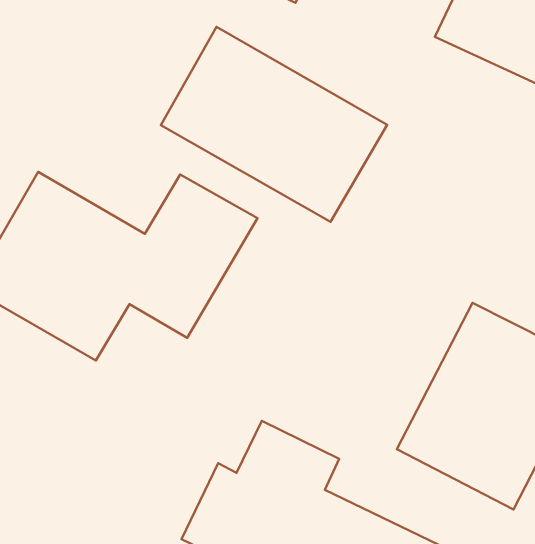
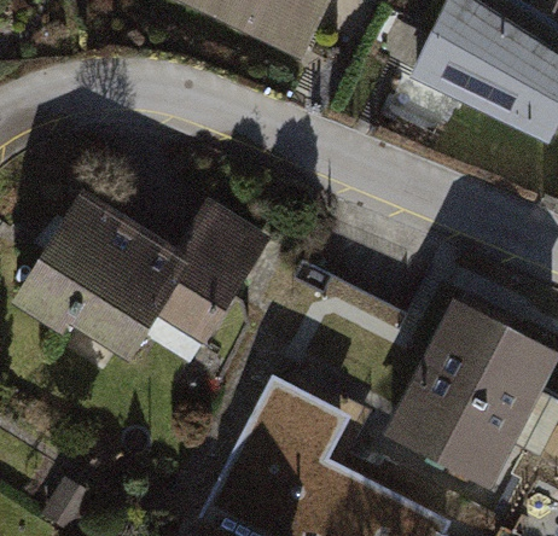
building: [161,27,387,222] -> none

